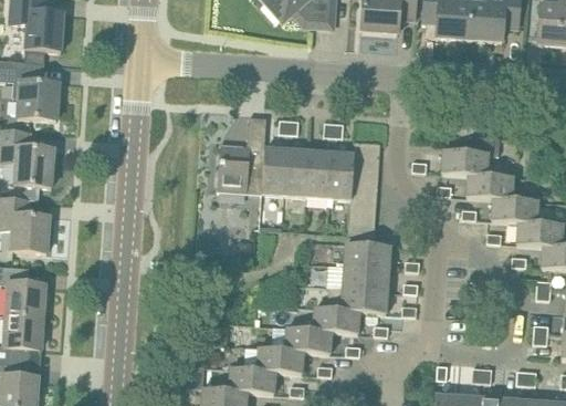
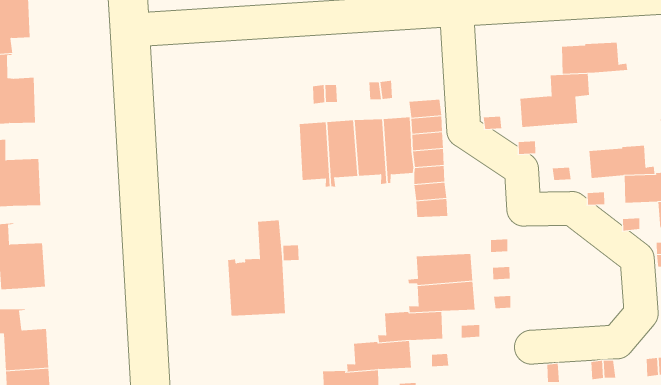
building: [217,117,265,194] -> [227,220,286,318]
building: [465,175,518,200] -> [561,42,628,74]
building: [336,243,390,269] -> none

